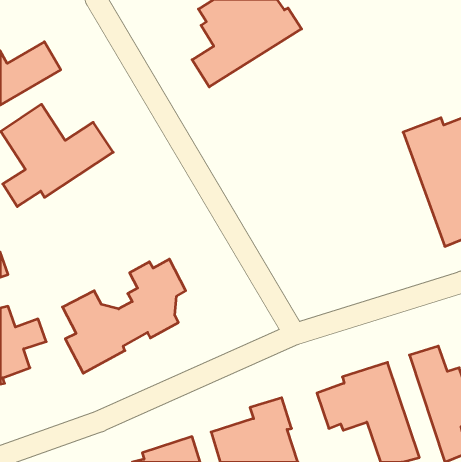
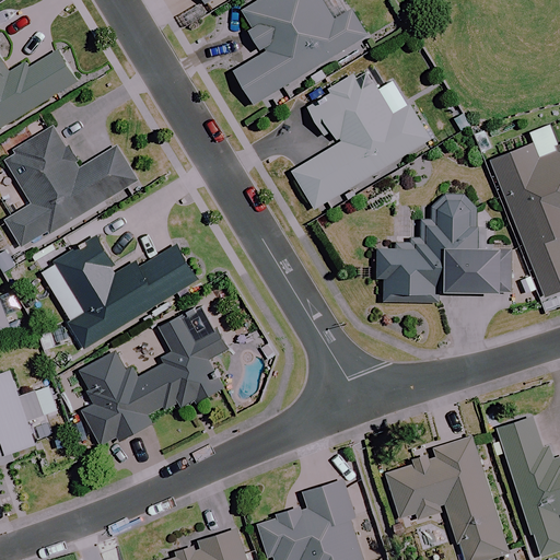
building: none -> [292,68,430,210]
building: none -> [377,194,510,302]
building: none -> [50,233,195,352]

